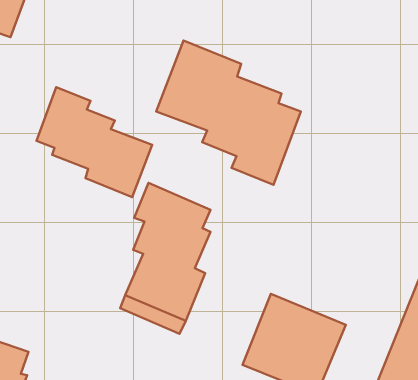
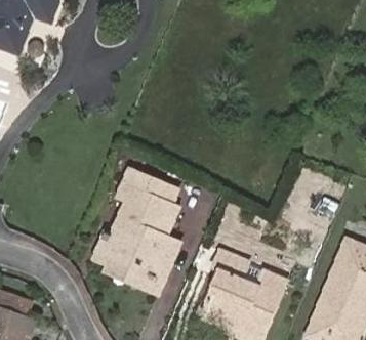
building: [156,41,301,185] -> none
building: [36,87,152,197] -> none

